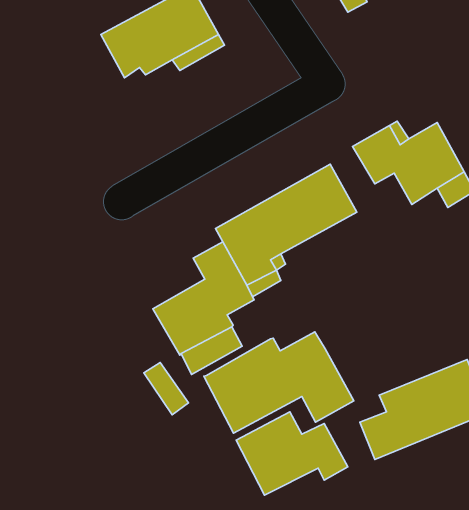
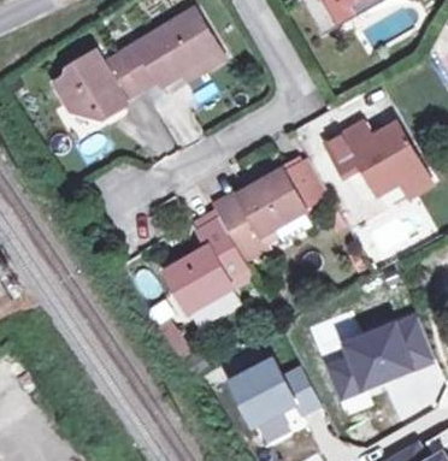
building: none -> [52,52,141,118]
building: [204,332,354,433] -> none

